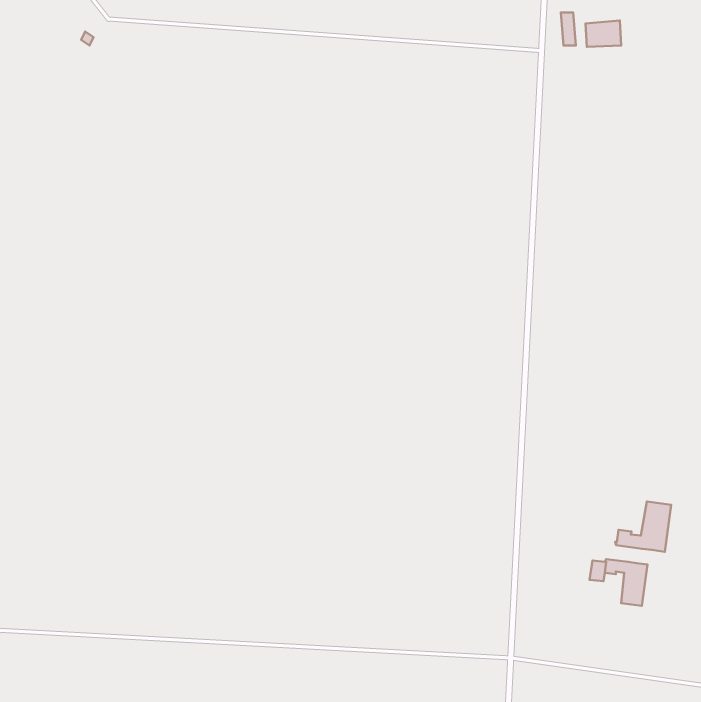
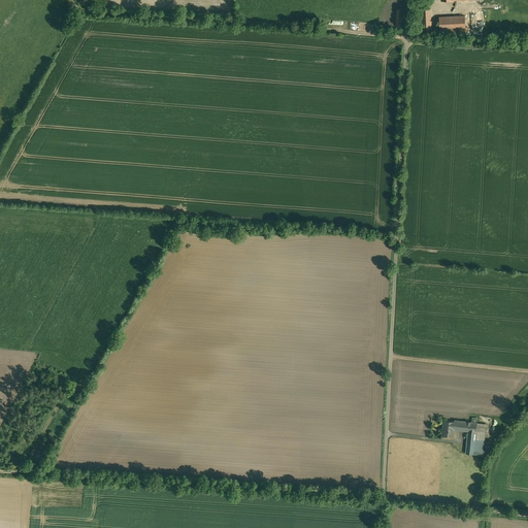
building: [615,502,671,552] -> none

